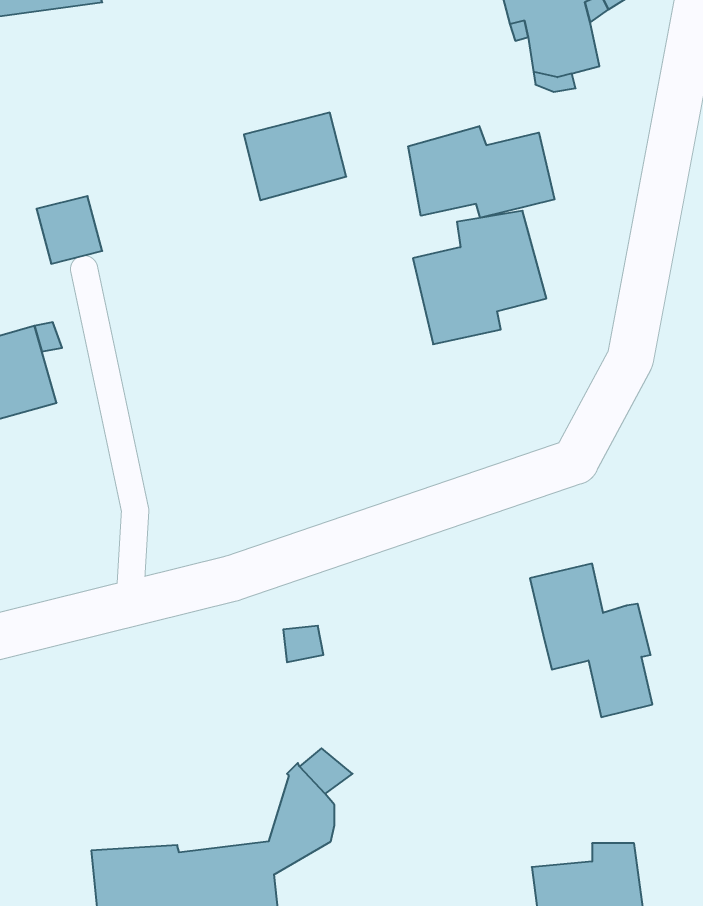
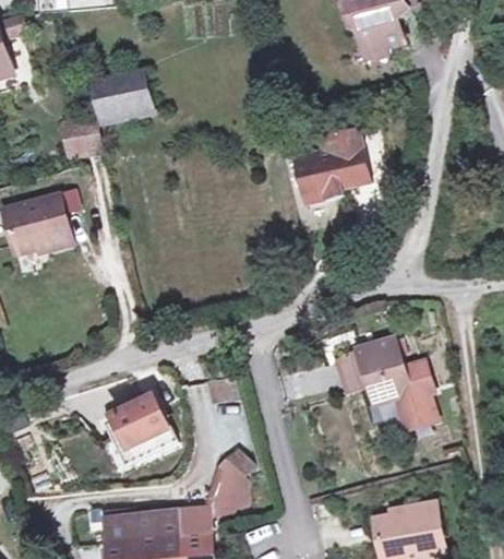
building: [244,113,346,200] -> [91,64,152,117]
building: [408,126,555,218] -> none
building: none -> [337,347,371,390]
building: none -> [105,394,178,459]

